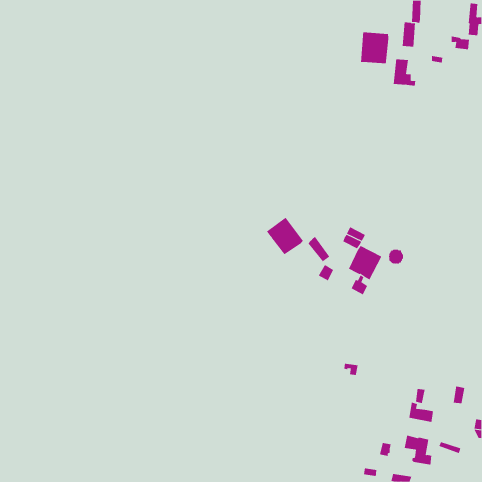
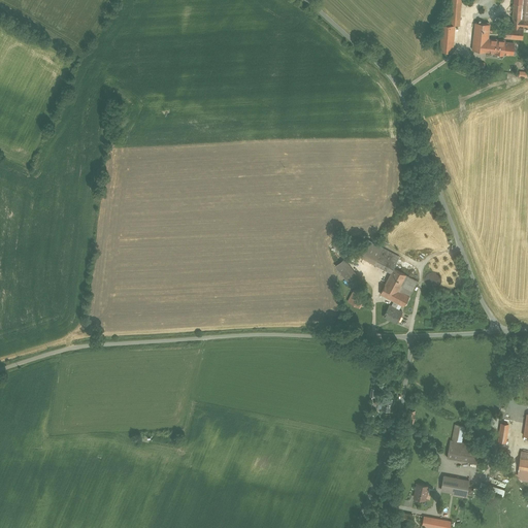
building: [361,32,389,64] -> none
building: [393,59,416,86] -> [472,23,498,53]
building: [266,217,304,255] -> none

